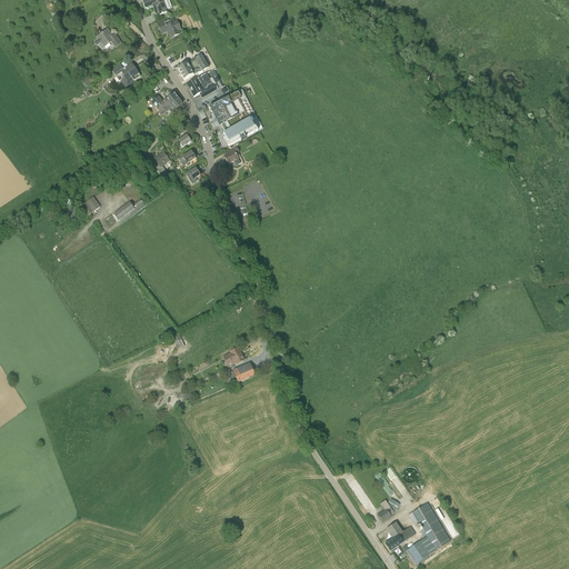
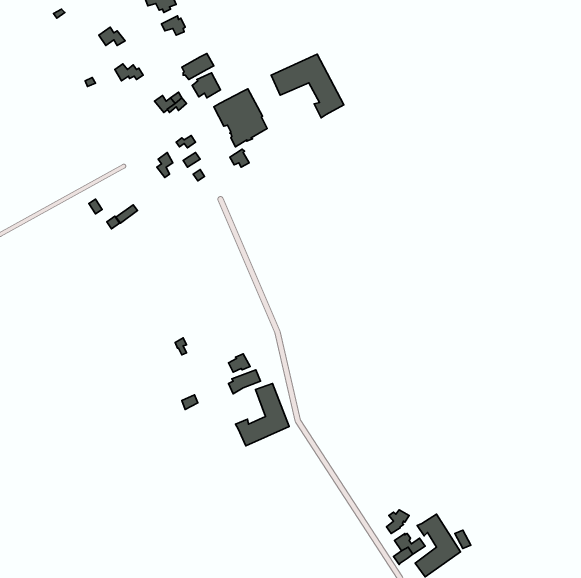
building: none -> [271,54,344,118]
building: none -> [236,384,289,446]

